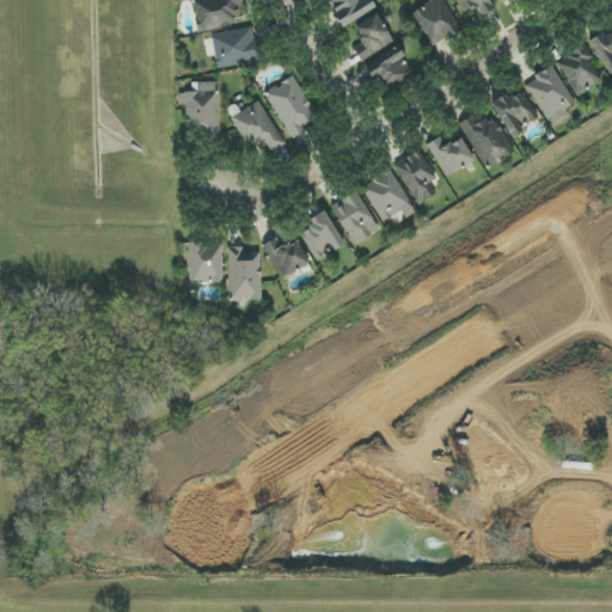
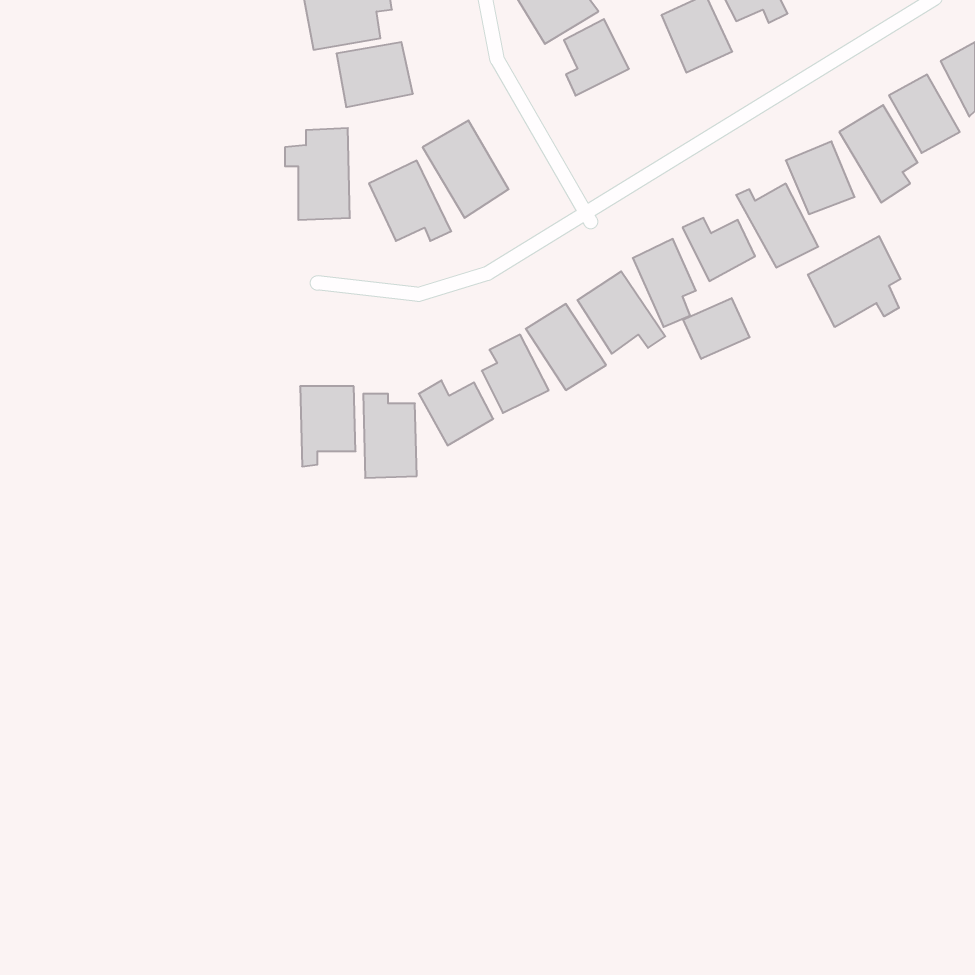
building: [366,45,414,92] -> none
building: none -> [808,236,901,327]
building: none -> [683,298,750,359]

